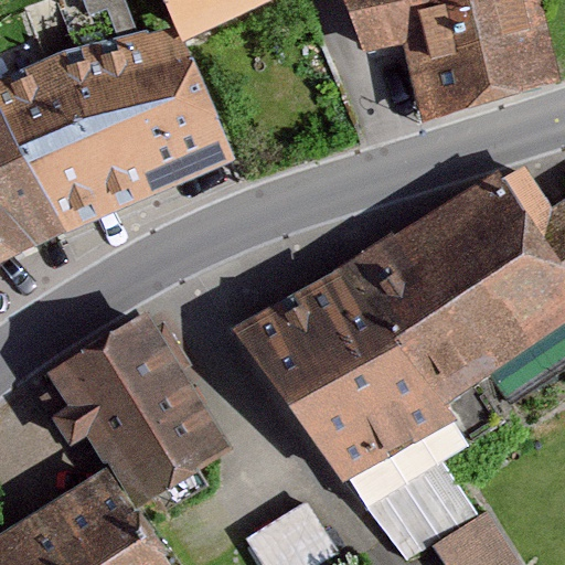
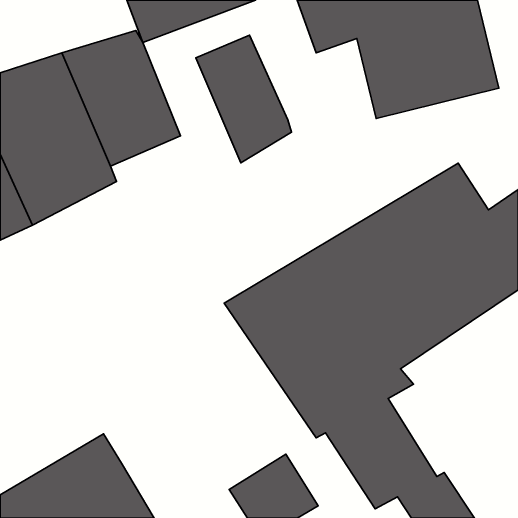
building: none -> [196,35,292,163]
building: [55,319,226,504] -> none

